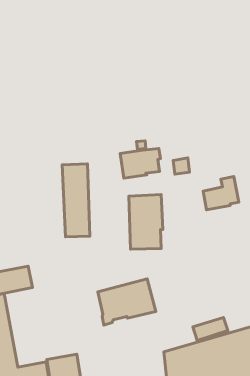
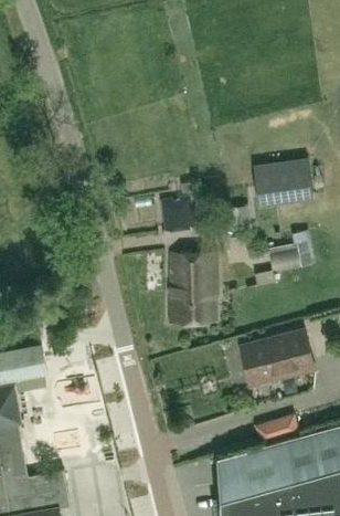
building: none -> [254,158,314,207]
building: [62,164,90,237] -> none
building: [98,279,156,325] -> [242,329,317,389]

